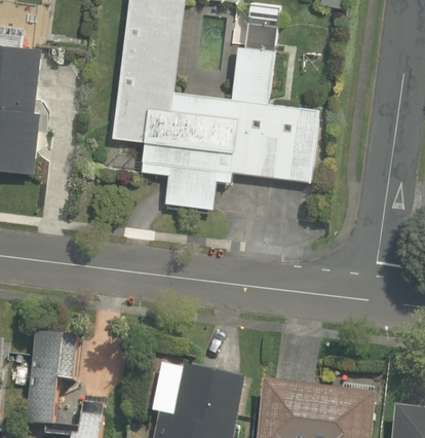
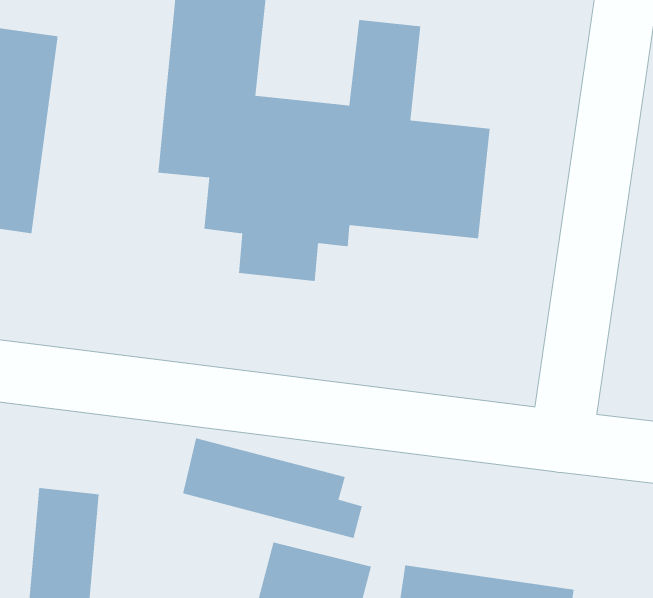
building: none -> [182,437,362,539]

